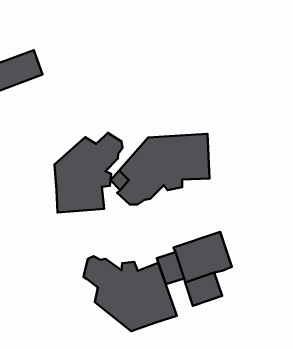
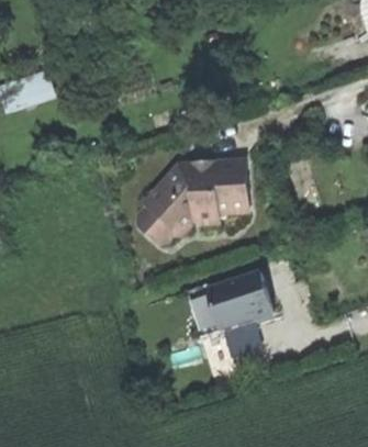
building: [54,133,122,213] -> none
building: [84,256,177,331] -> none

